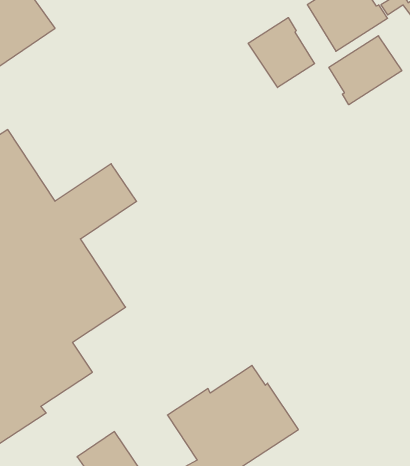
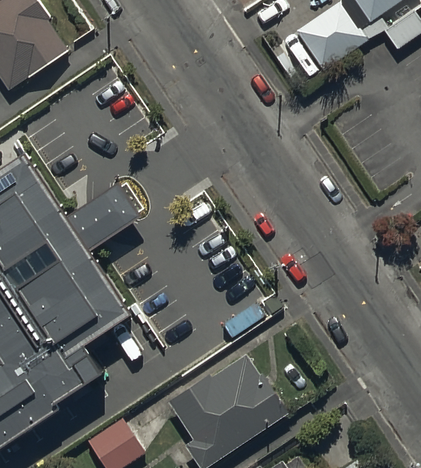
building: [248,18,315,88] -> none
building: [329,36,402,105] -> none

